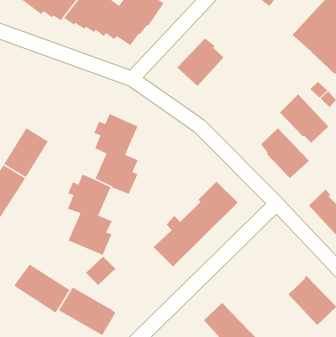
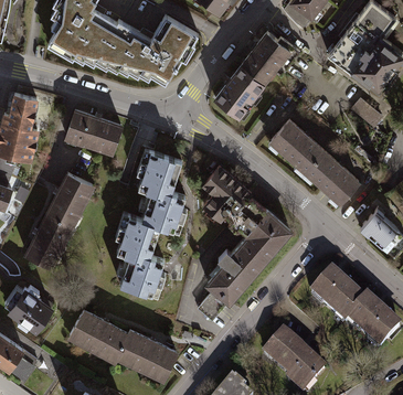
building: none -> [241,32,298,85]
building: none -> [65,110,120,152]
building: [279,93,329,144] -> [271,120,322,170]
building: none -> [202,167,265,234]
building: none -> [311,274,362,323]
building: [85,256,116,286] -> [197,289,227,320]

